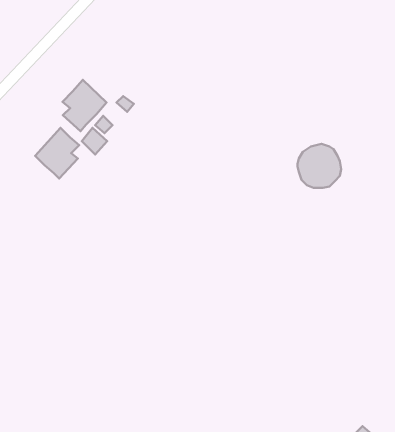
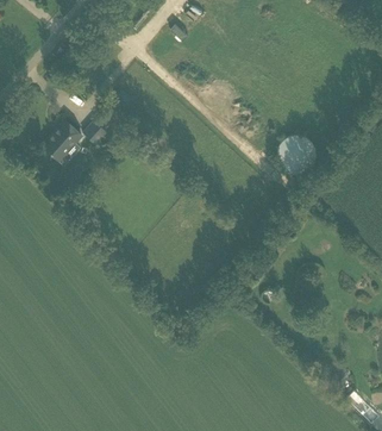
building: [62,80,107,131] -> none

